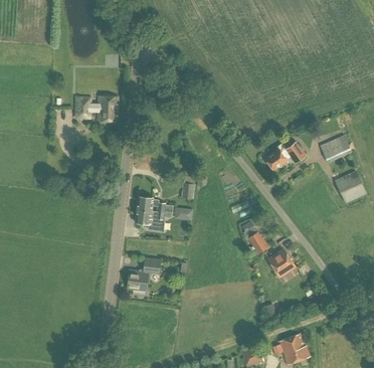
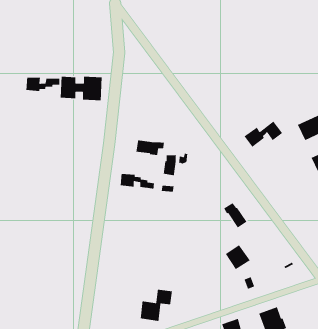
building: none -> [26,77,60,92]
building: [135,209,165,226] -> [136,139,165,156]
building: [268,249,296,277] -> [225,244,251,270]
building: [127,257,161,292] -> [140,289,173,322]

